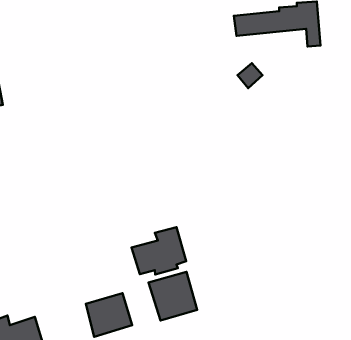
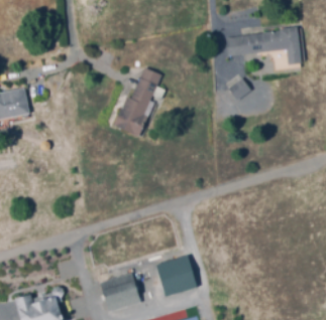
building: none -> [114,66,165,136]
building: [131,227,186,274] -> none

